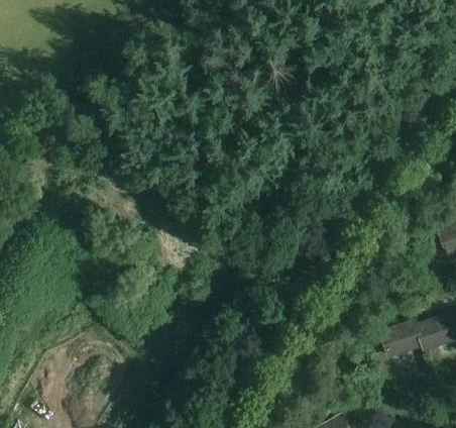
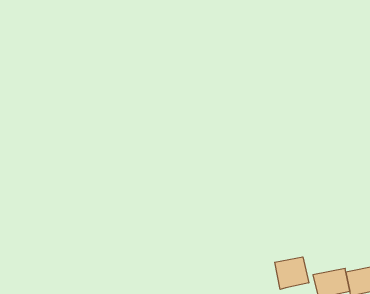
building: none -> [275,257,309,289]

